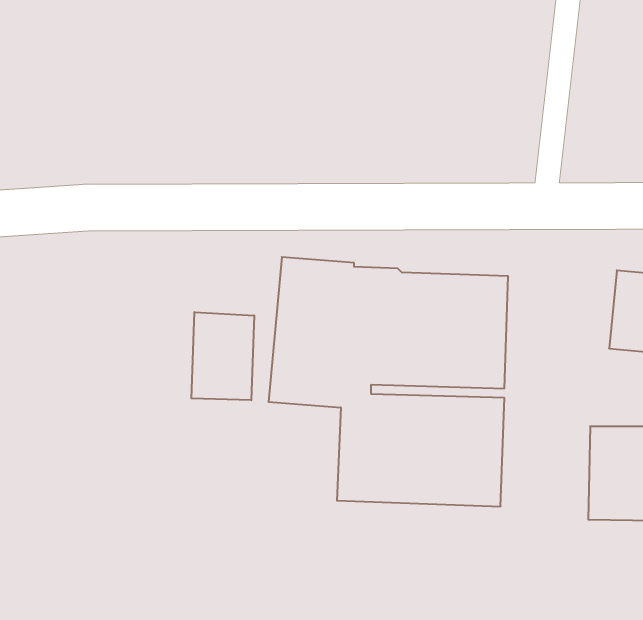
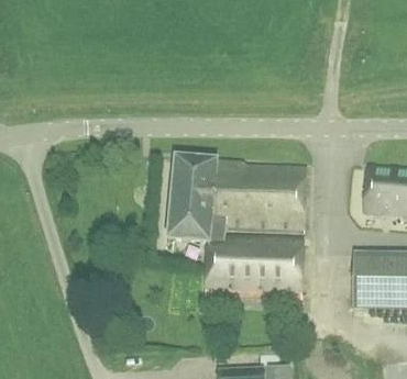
building: [191,312,254,400] -> none

